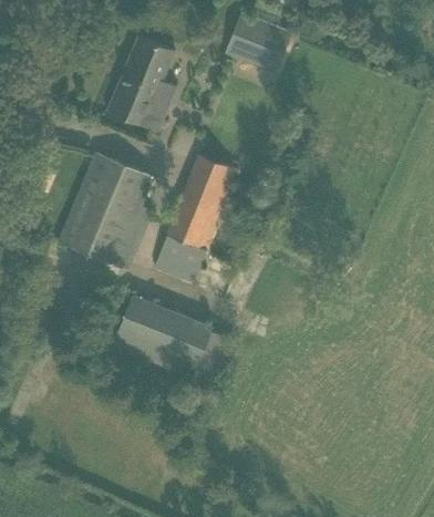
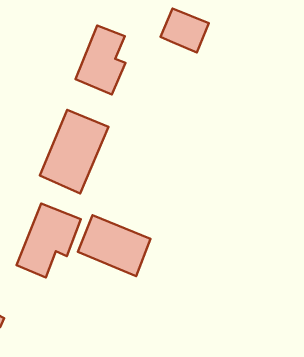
building: [155,154,238,282] -> none
building: none -> [17,204,81,278]

